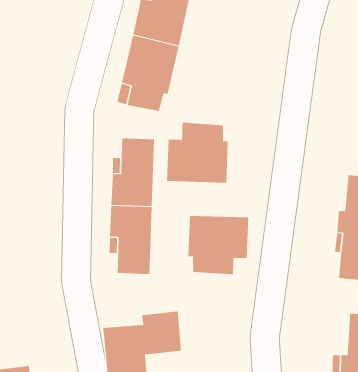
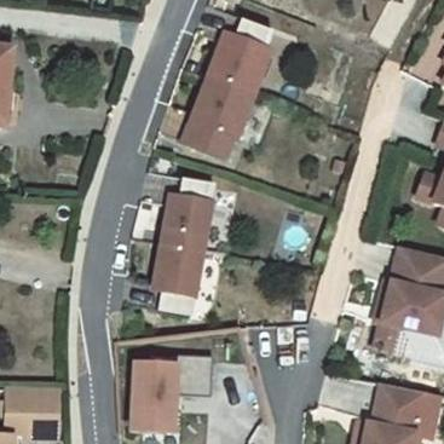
building: [167,122,228,183] -> none
building: [188,215,249,275] -> none

